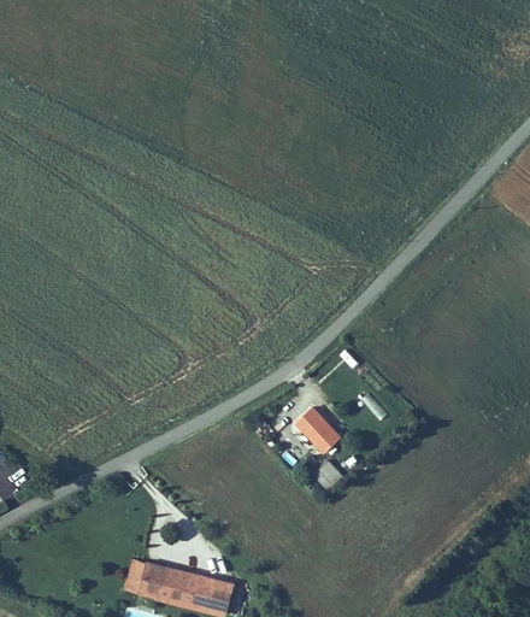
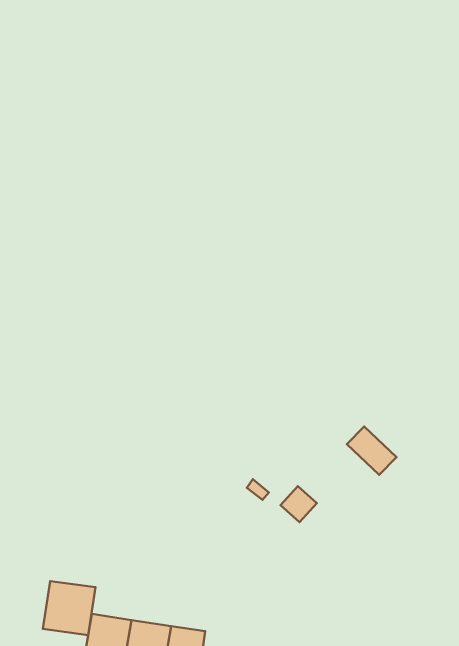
building: [295,407,338,452] -> [347,426,396,475]
building: none -> [43,581,96,635]

